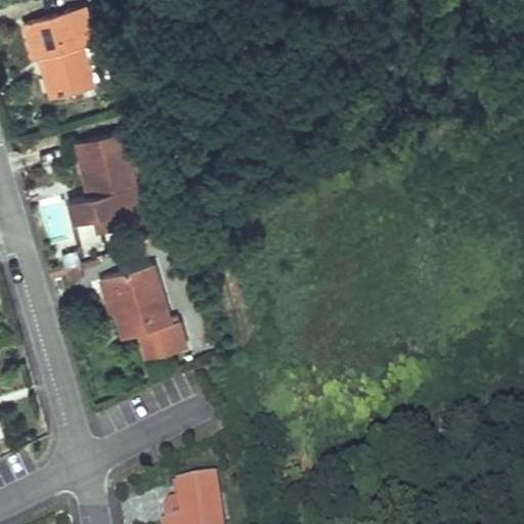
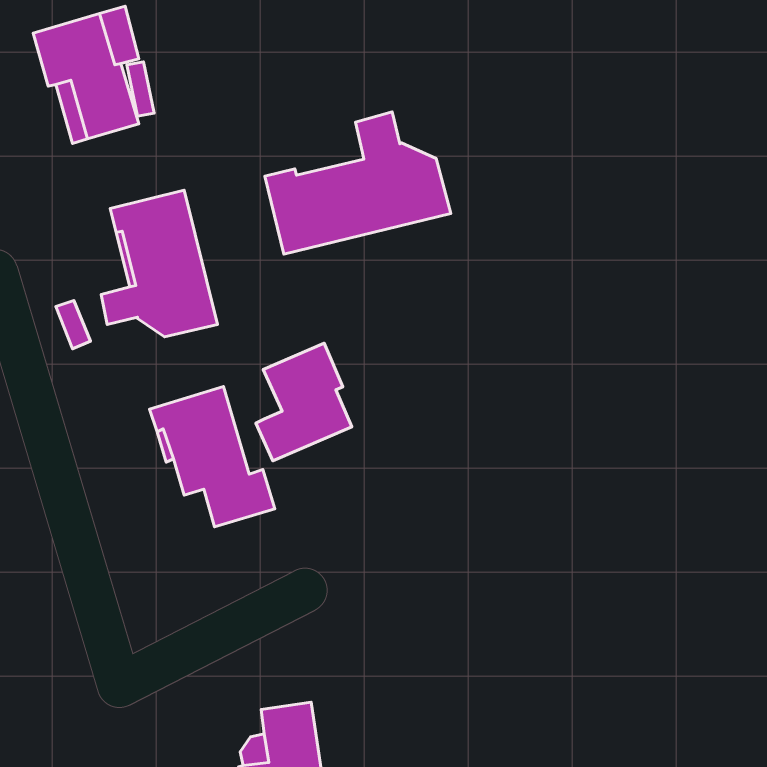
building: none -> [265,112,451,254]
building: none -> [256,343,352,461]

